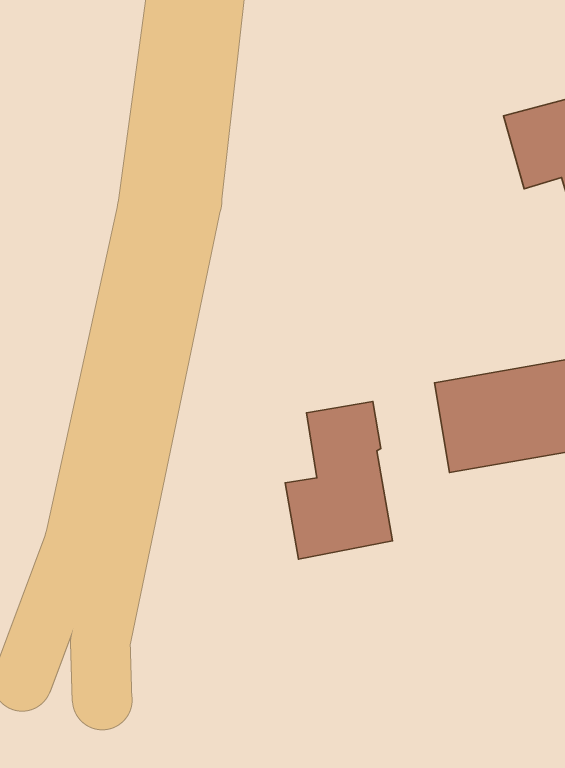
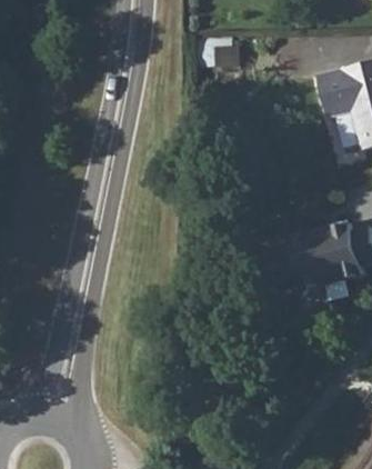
building: [285,401,393,559] -> none

